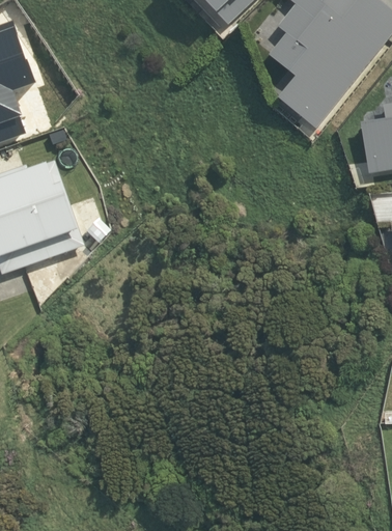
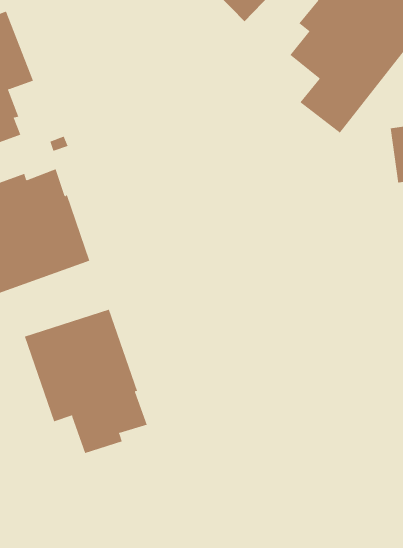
building: none -> [24,309,147,454]

